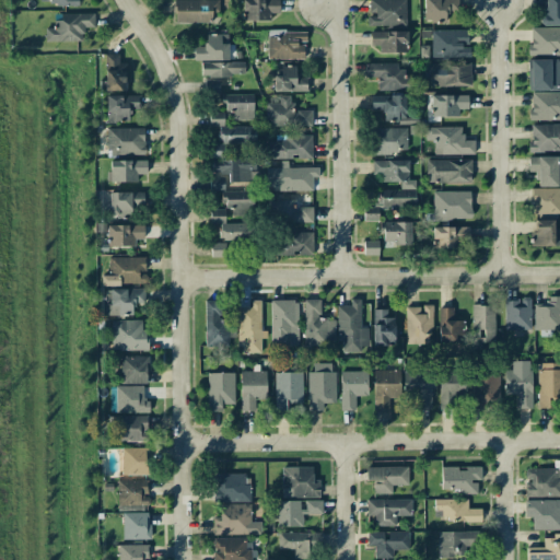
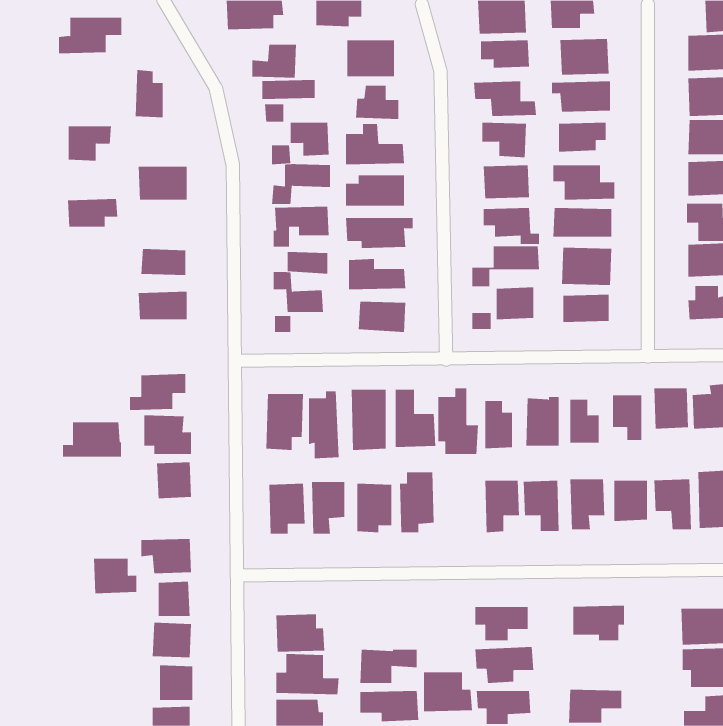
building: [108,95,142,122] -> [68,126,112,161]
building: [109,160,149,182] -> [67,199,118,227]
building: [103,257,149,284] -> [62,422,122,457]
building: [342,371,370,410] -> none
building: [117,386,151,413] -> [93,558,137,594]
building: [283,467,322,498] -> [423,672,473,712]
building: [436,499,483,520] -> none

